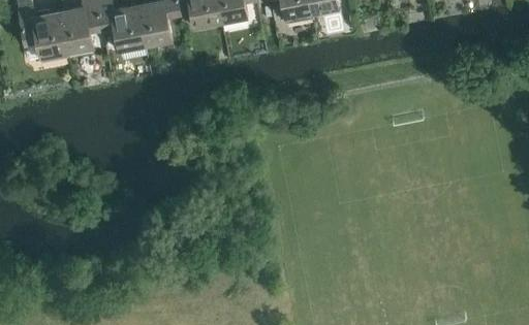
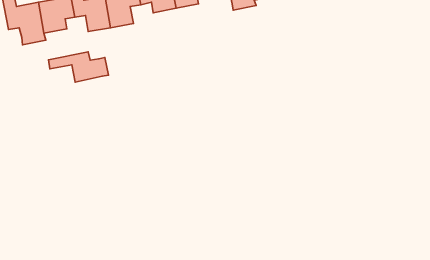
building: none -> [48,52,109,82]

